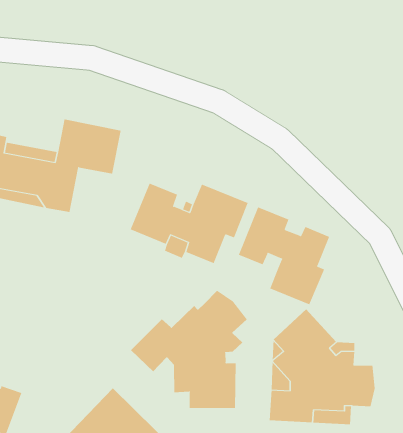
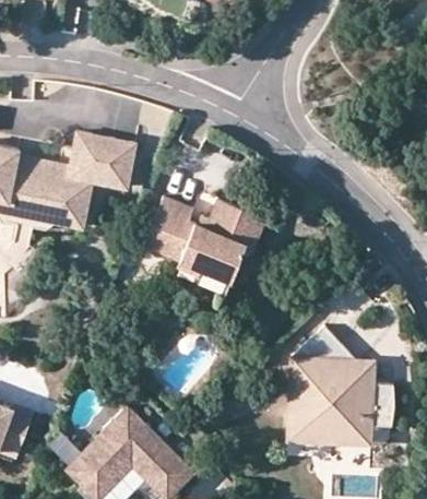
building: [238,207,330,305] -> none
building: [130,290,247,409] -> none

